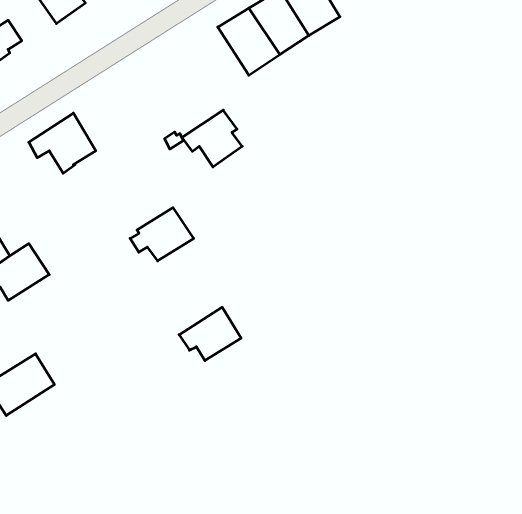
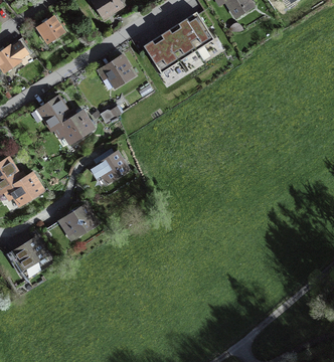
building: [182,110,242,167] -> [98,54,133,87]
building: none -> [57,110,94,144]
building: [179,307,241,361] -> [59,205,96,236]

